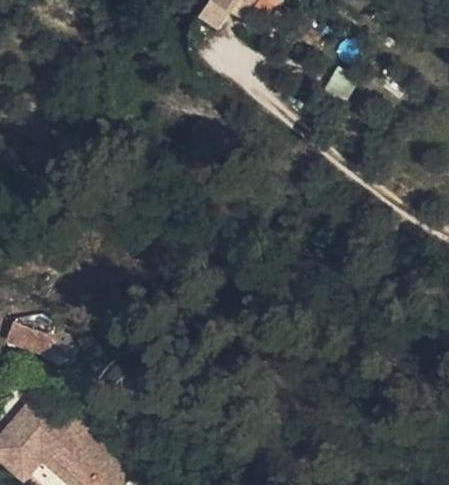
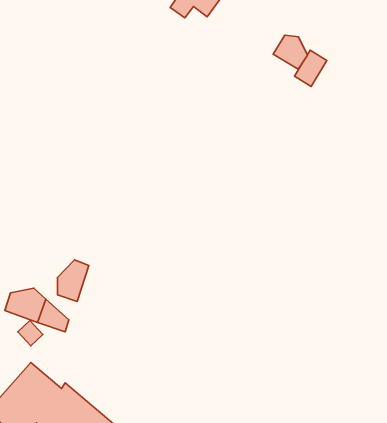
building: none -> [273,35,307,69]
building: none -> [58,260,89,301]

